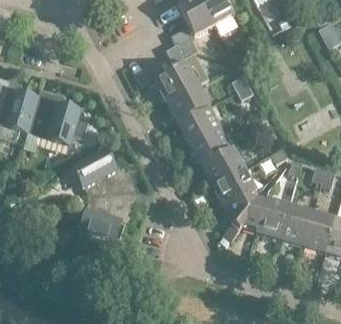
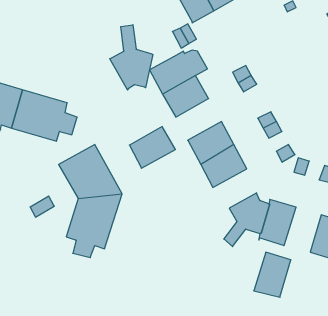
building: none -> [110,25,153,90]
building: [179,104,221,142] -> [129,127,175,168]
building: [213,169,256,207] -> none
building: [278,204,312,245] -> [254,252,291,297]

